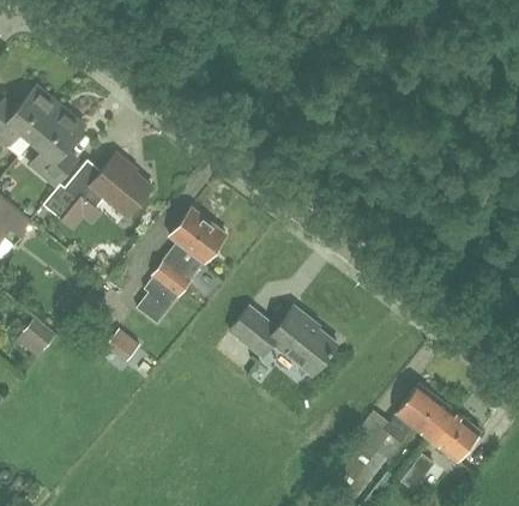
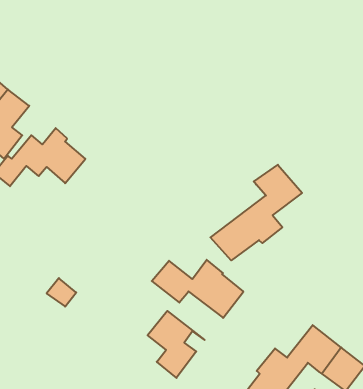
building: none -> [210,165,302,260]
building: [137,209,227,324] -> none
building: none -> [148,311,205,378]

